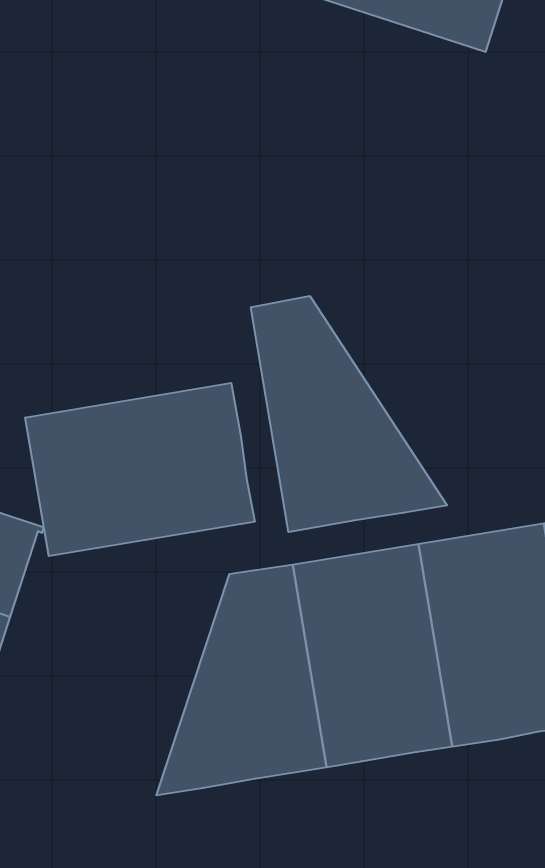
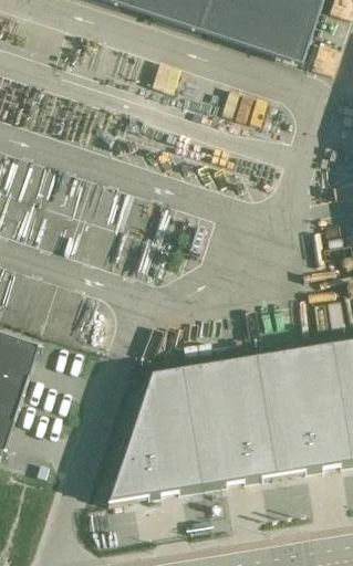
building: [251,296,447,532] -> none
building: [25,383,255,556] -> none

